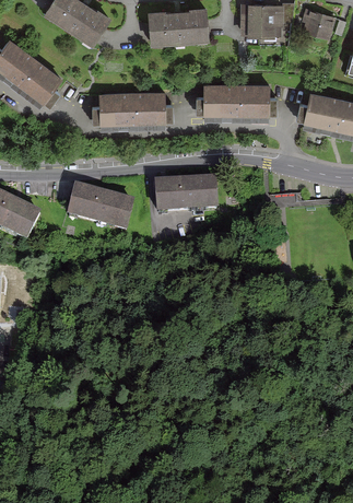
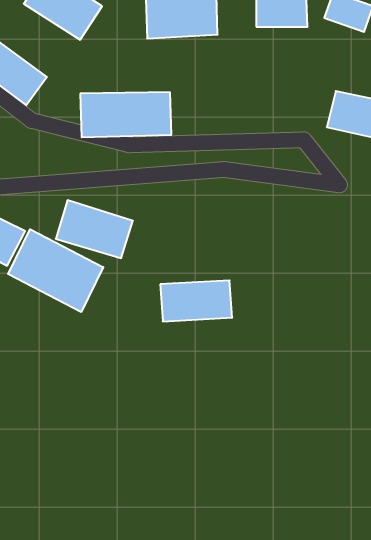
building: [198,83,269,120] -> none
building: [152,179,213,214] -> [160,280,232,321]
building: none -> [8,229,103,312]

